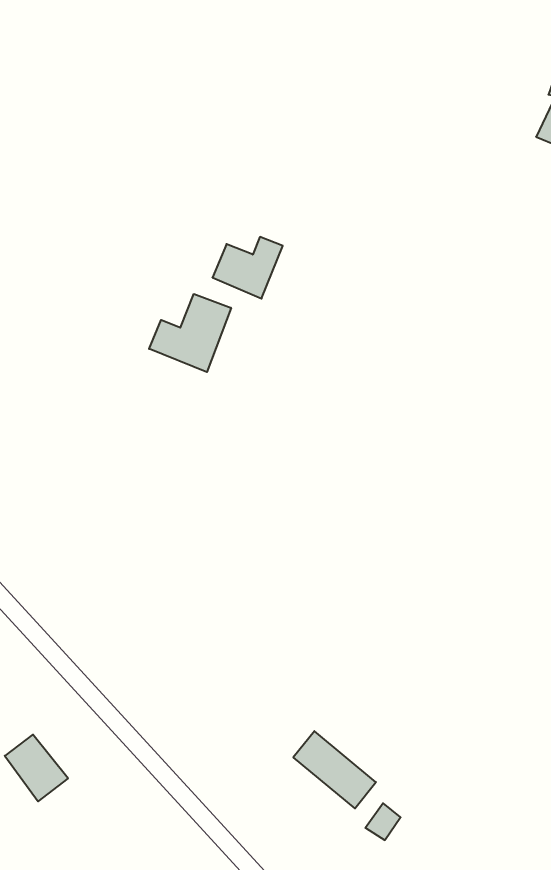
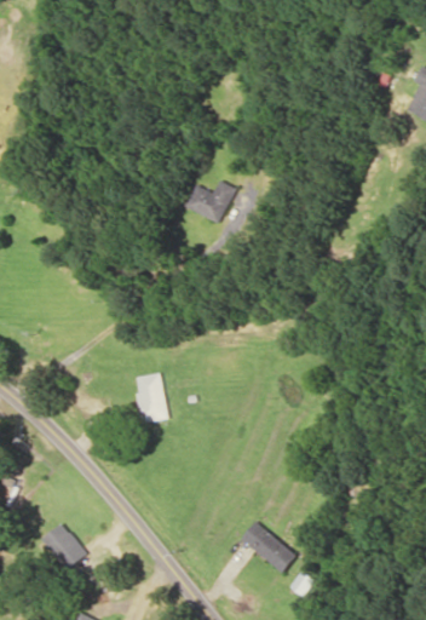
building: [149,294,231,372] -> none
building: none -> [136,374,166,423]

